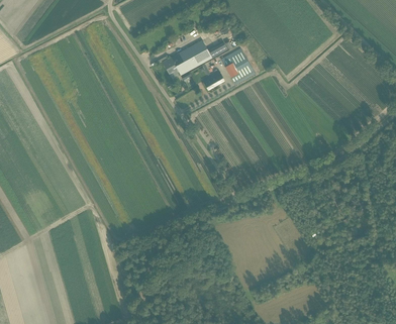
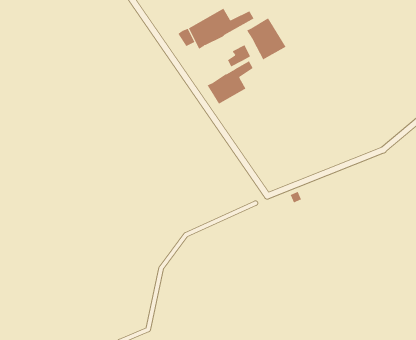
building: none -> [207,61,254,104]

